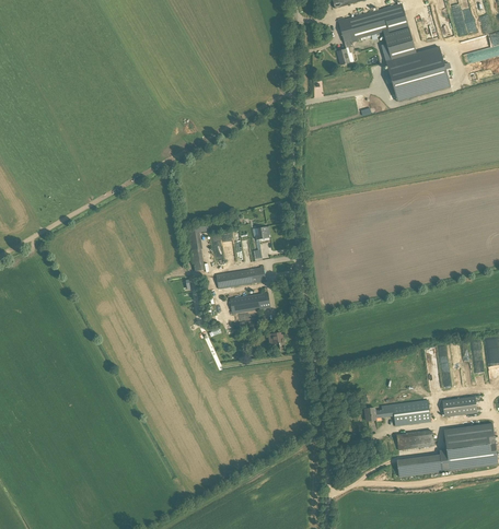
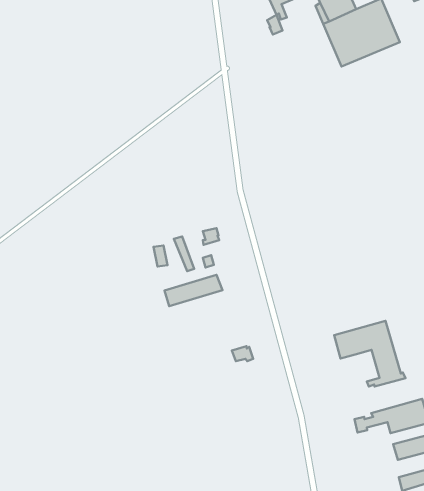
building: [229,293,270,314] -> none
building: none -> [334,321,405,387]

